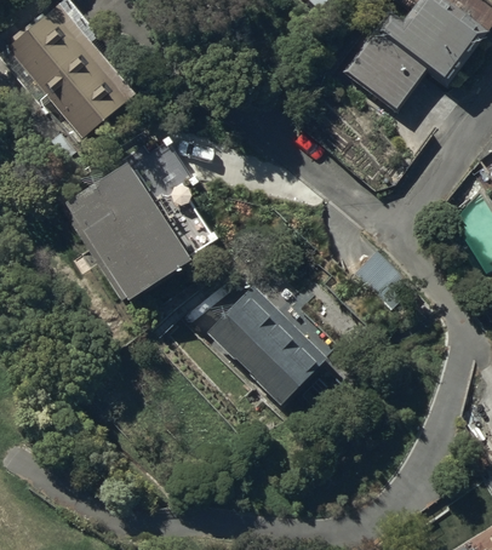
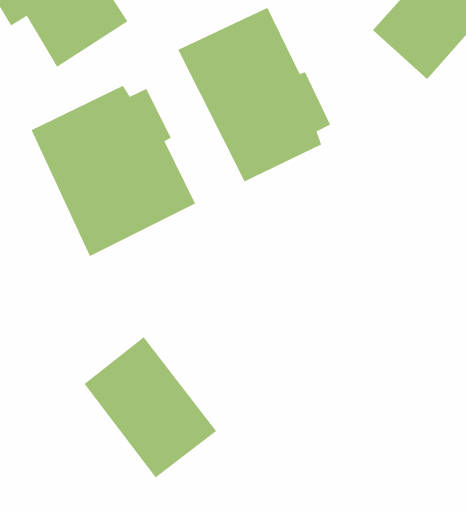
building: none -> [177,7,331,183]
building: [207,283,326,403] -> [84,336,217,479]

